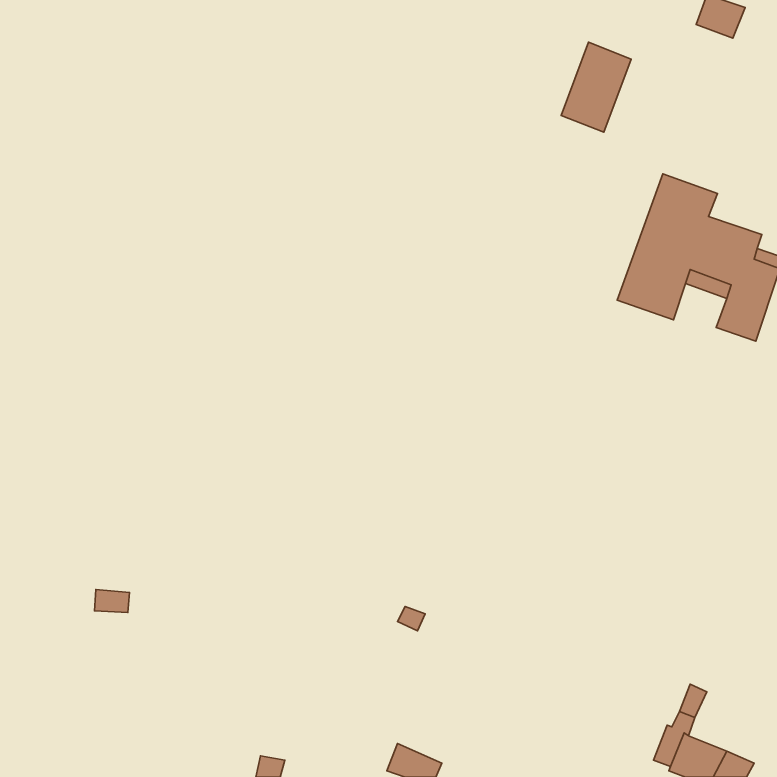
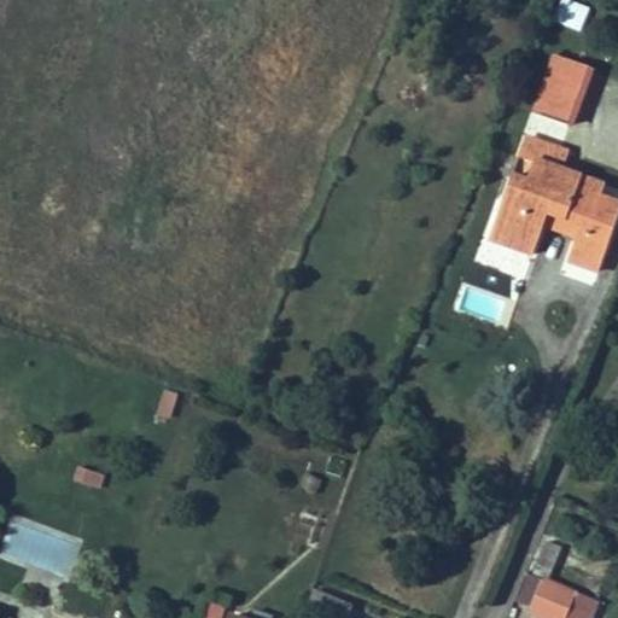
building: [561,42,631,132] -> [535,54,590,126]

